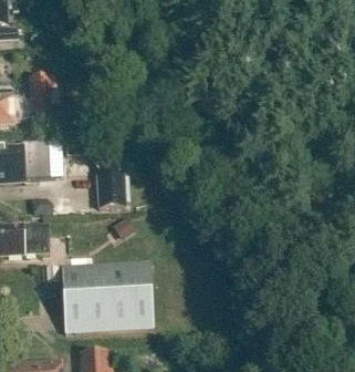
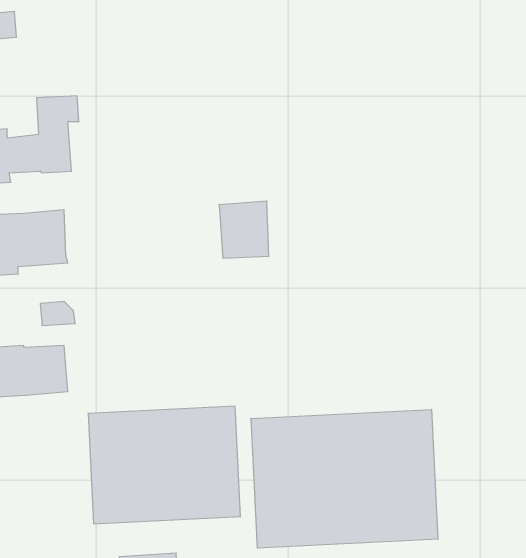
building: [96,173,126,207] -> [219,201,269,258]
building: none -> [251,409,438,548]

